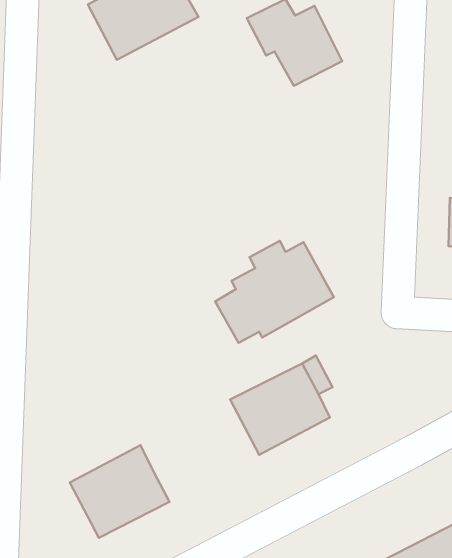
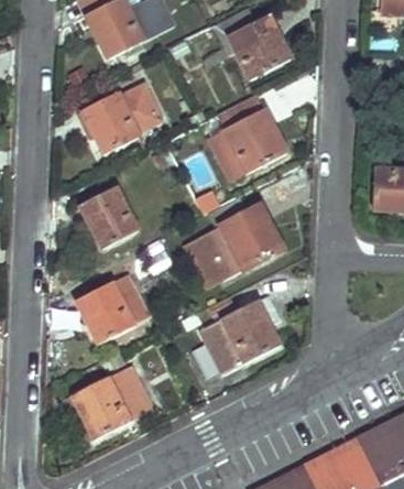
building: none -> [81,87,160,154]
building: none -> [214,93,286,174]
building: none -> [79,187,138,249]
building: none -> [76,282,133,344]

